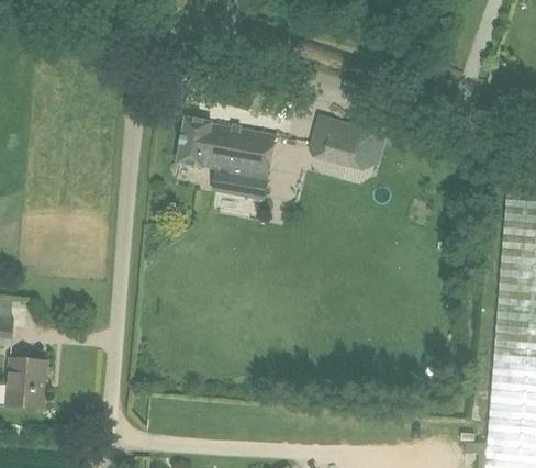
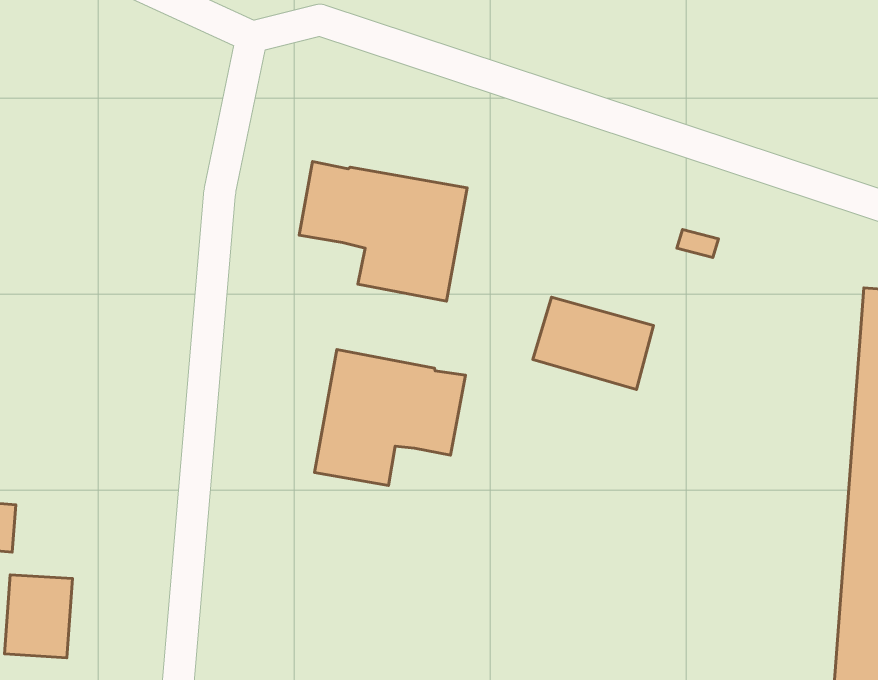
building: [308,115,378,169] -> [533,297,654,390]
building: none -> [314,350,465,485]

